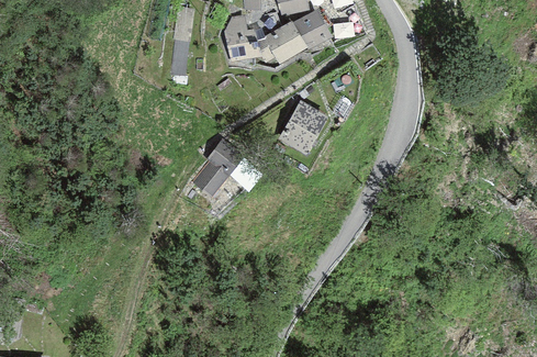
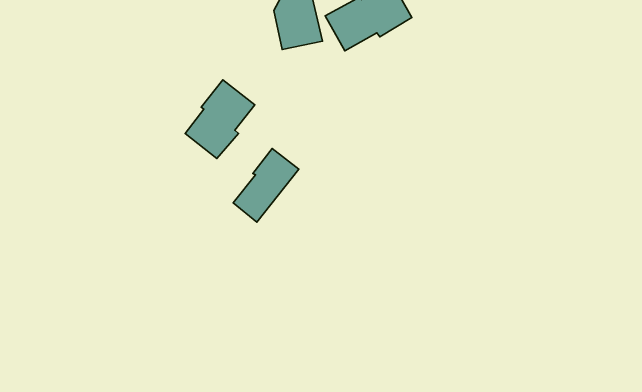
building: none -> [185,80,255,159]
building: [279,100,327,153] -> none

